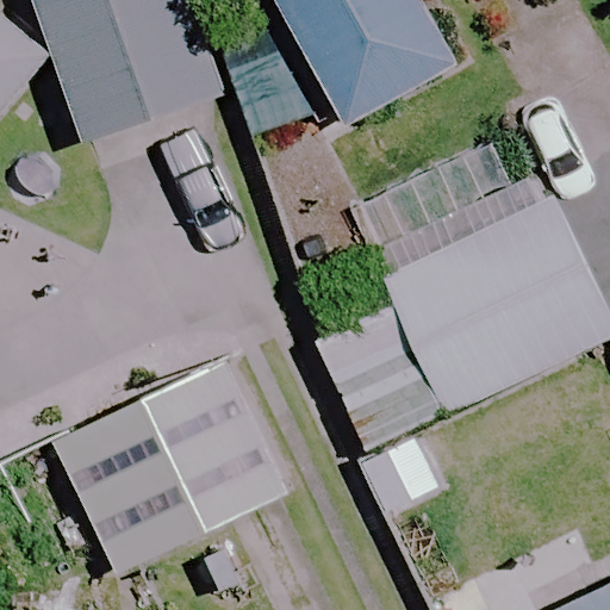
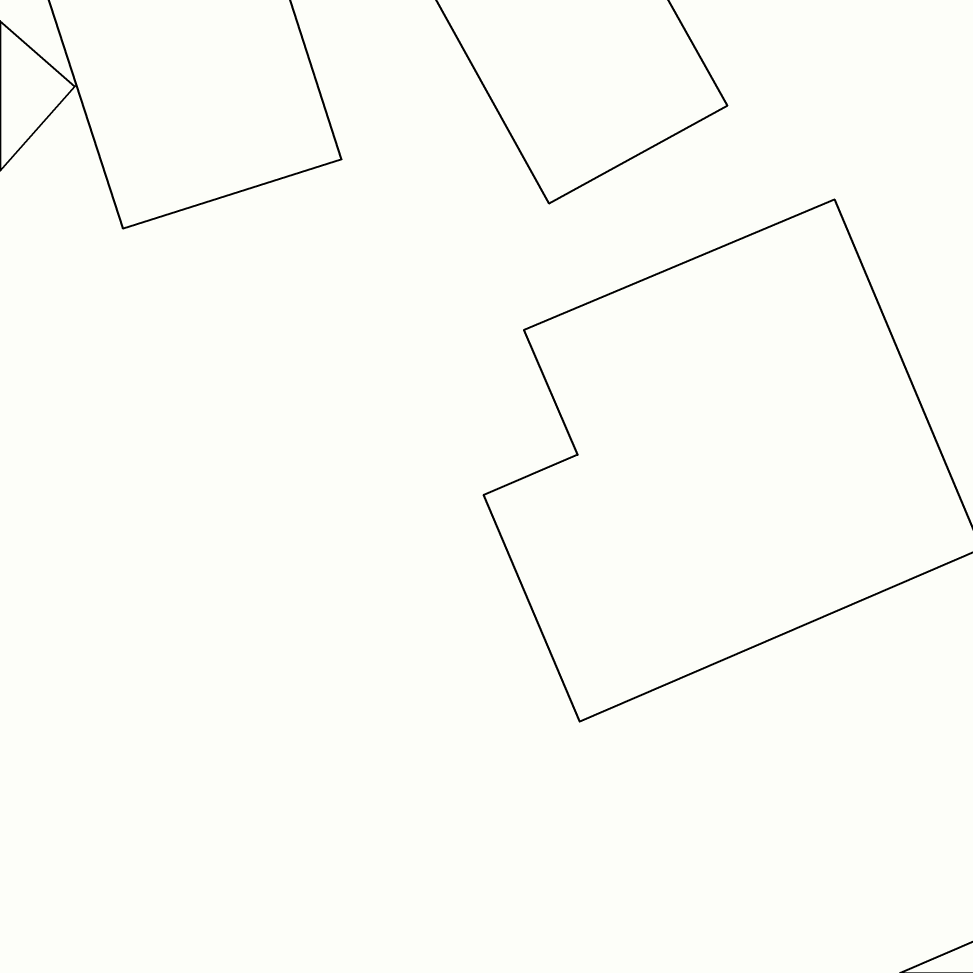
building: [54,363,285,575] -> none

